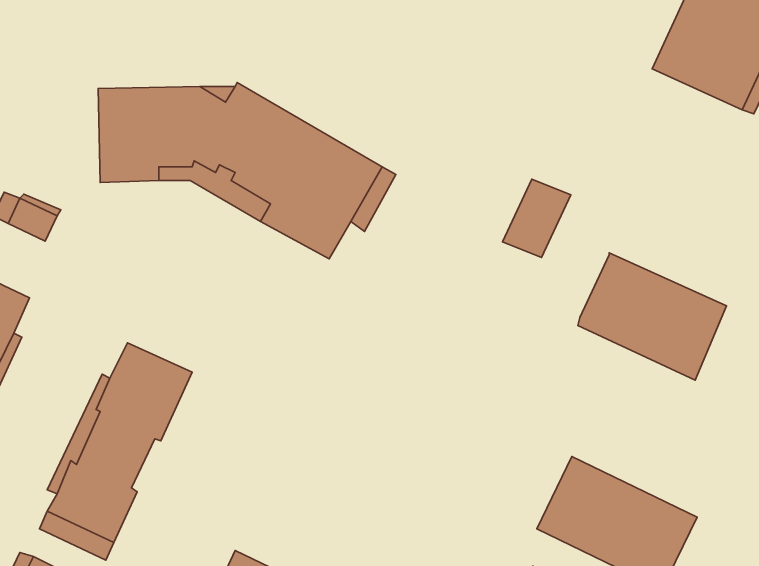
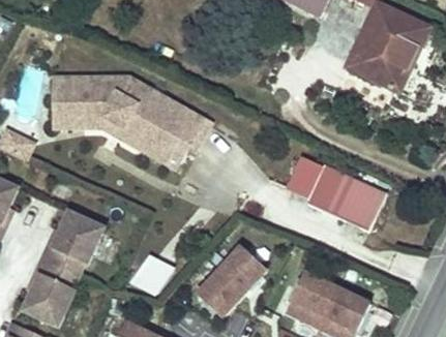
building: [502,179,571,257] -> [287,157,323,198]
building: none -> [196,246,265,317]
building: none -> [129,252,174,297]

